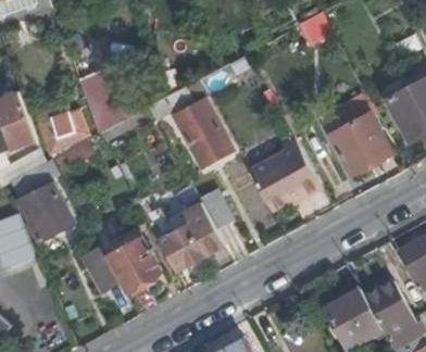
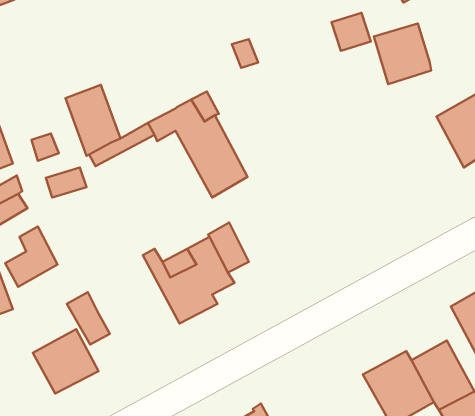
building: none -> [374,24,431,84]
building: [327,113,390,174] -> none
building: [246,134,318,212] -> none
building: [105,235,160,288] -> [33,329,99,393]

